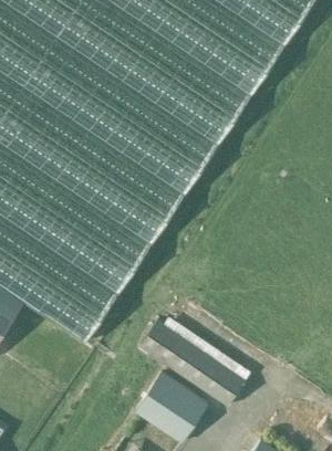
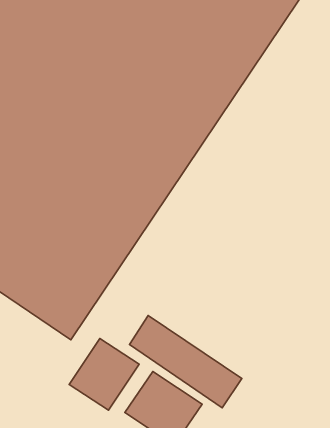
building: none -> [69,339,139,410]

